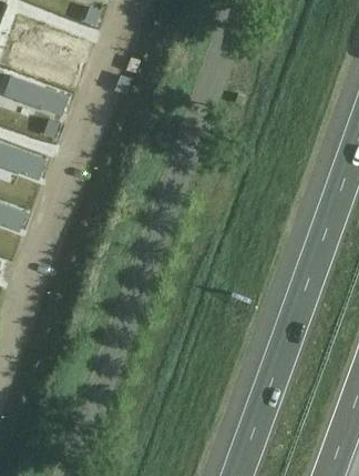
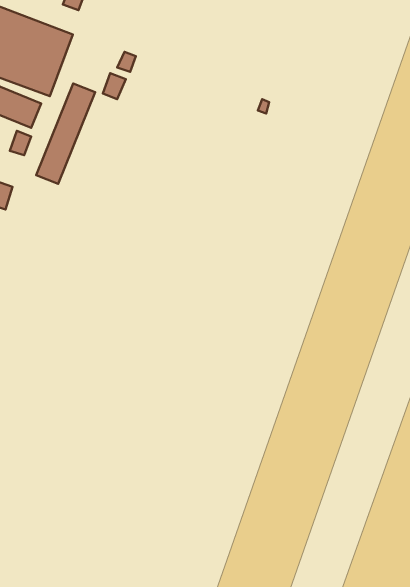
building: none -> [36,84,95,184]

